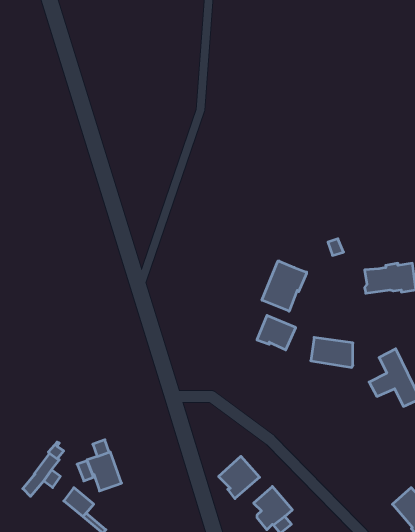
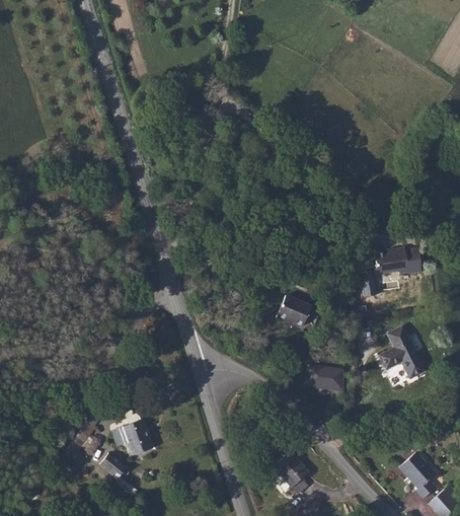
building: [262,261,307,311] -> none
building: [311,337,353,367] -> [306,364,344,391]
building: [219,456,260,499] -> none

